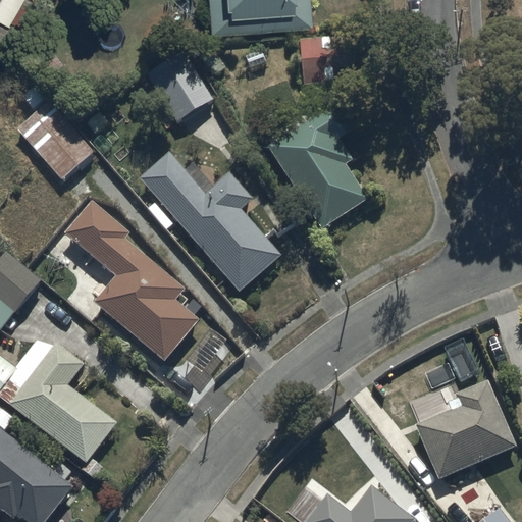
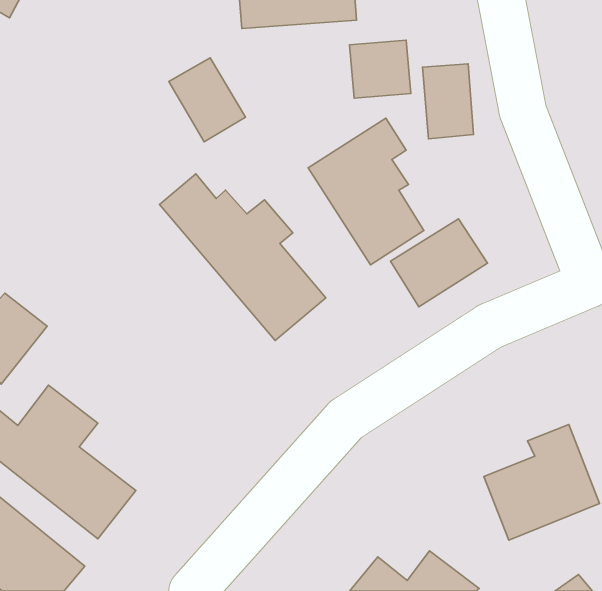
building: none -> [423,64,473,139]
building: [16,99,94,179] -> none
building: none -> [391,219,487,307]
building: [66,203,199,361] -> none

